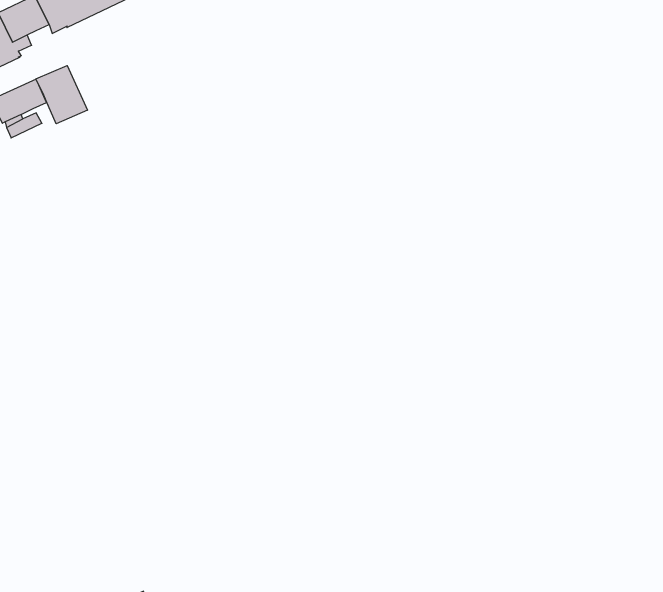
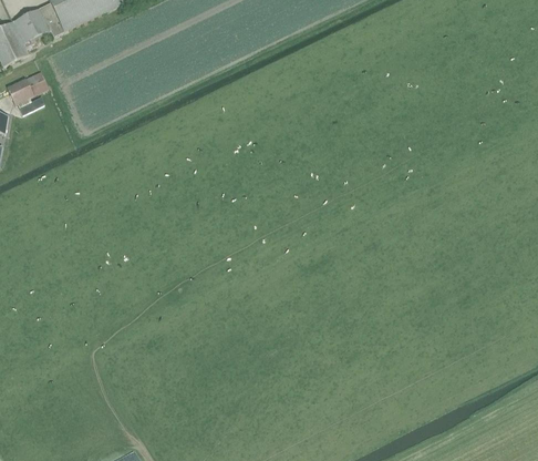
building: [36,66,87,124] -> none

